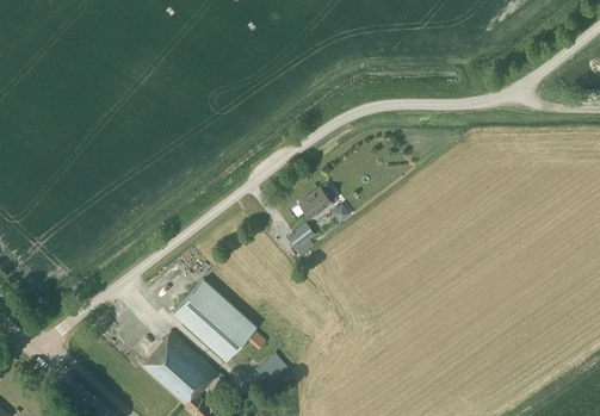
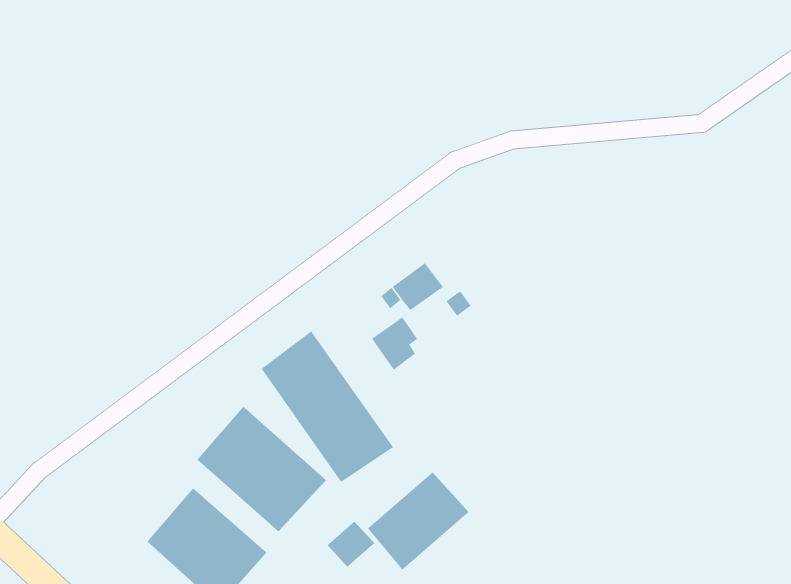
building: none -> [261,331,394,483]
building: none -> [367,471,469,570]

